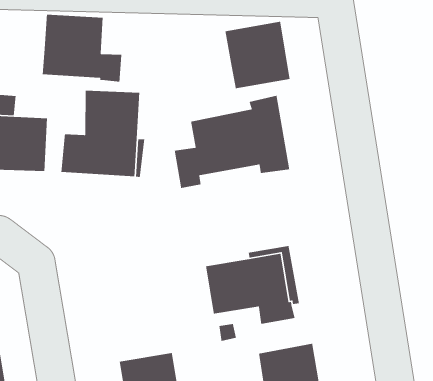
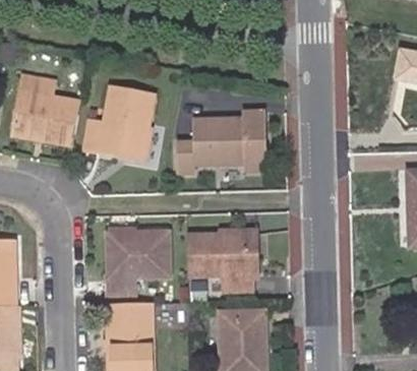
building: [42,14,122,82] -> none
building: [224,21,290,89] -> none
building: none -> [103,233,169,296]

